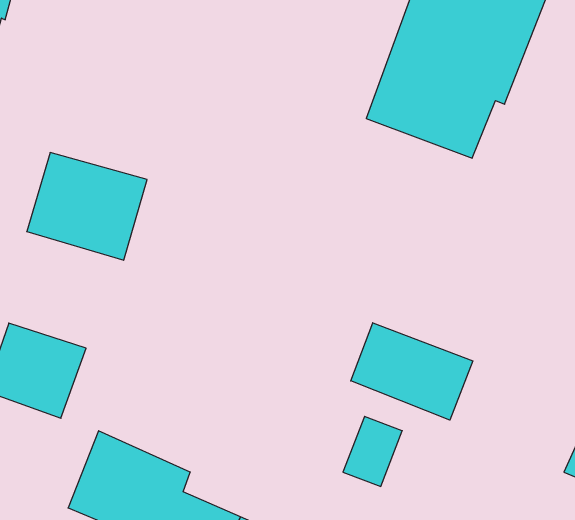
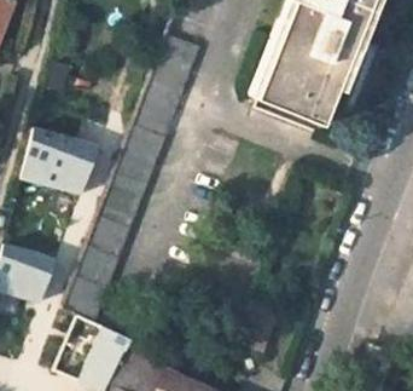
building: none -> [62,38,197,318]
building: [351,323,473,420] -> none

